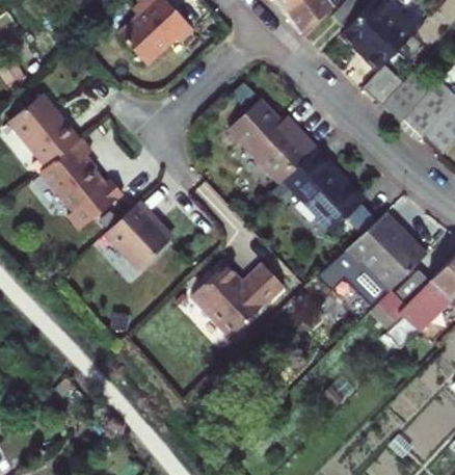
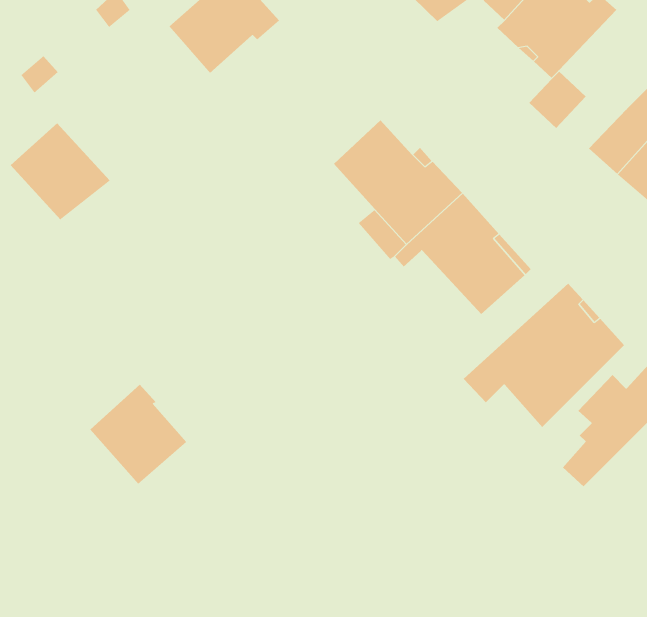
building: [381,73,430,122] -> none
building: [39,139,129,233] -> none
building: [104,204,170,272] -> [89,384,187,484]
building: [188,264,282,338] -> none

